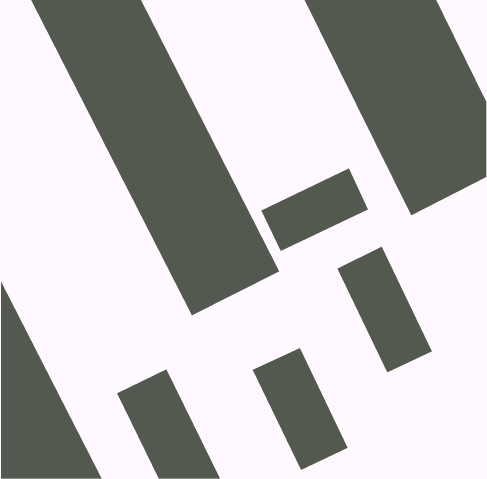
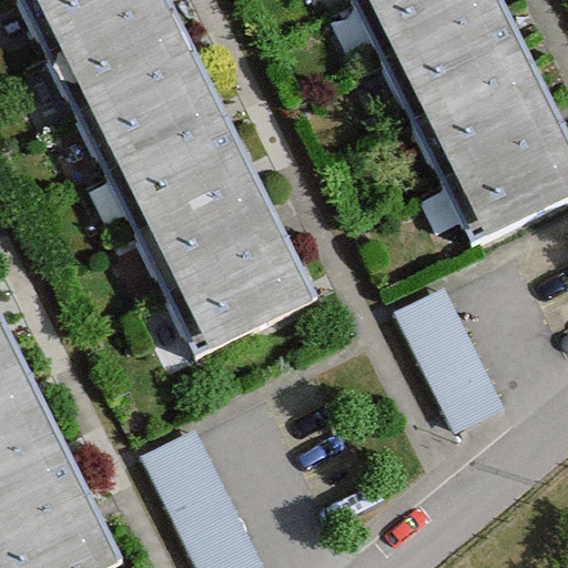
building: [261,167,369,252] -> none
building: [252,347,348,471] -> none

